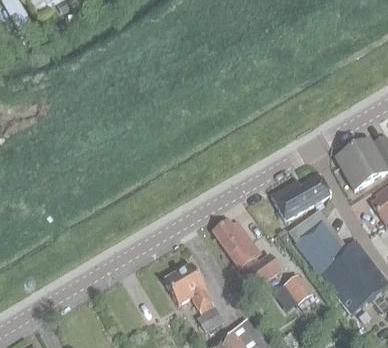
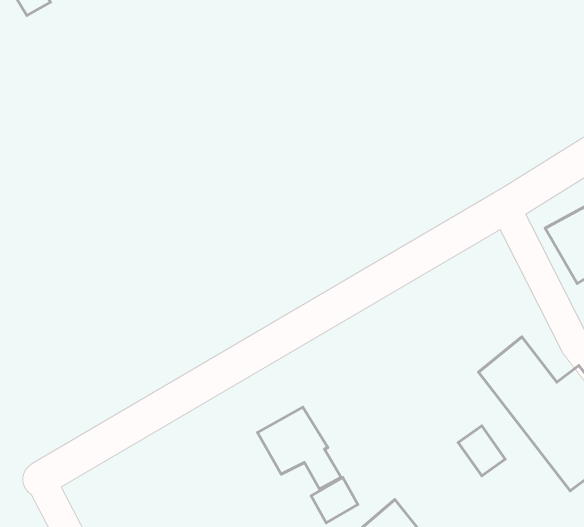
building: [270,173,330,219] -> none
building: [212,218,279,287] -> none

